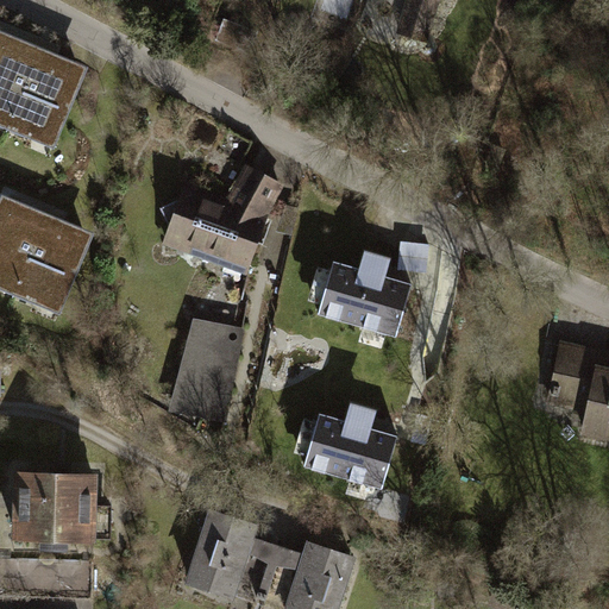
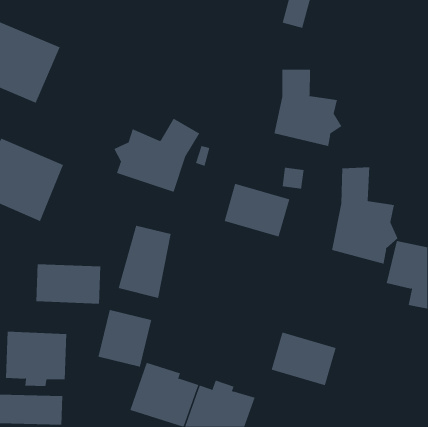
building: none -> [274,69,342,147]
building: none -> [332,167,398,265]
building: none -> [36,263,101,304]
building: [303,412,396,488] -> [271,332,336,386]
building: none -> [98,309,152,367]

